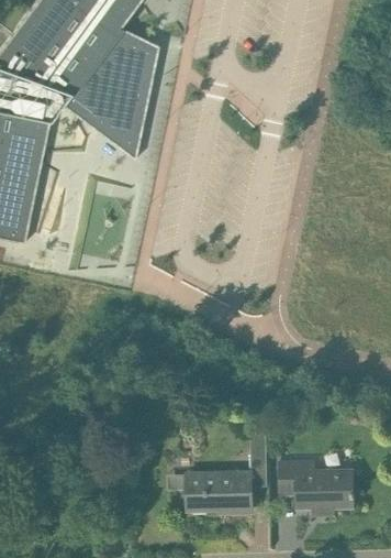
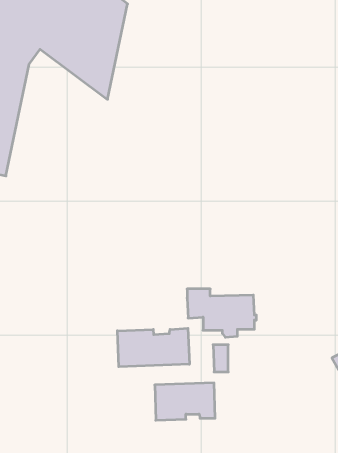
building: none -> [117,328,189,367]
building: [280,462,356,515] -> [187,289,256,337]

